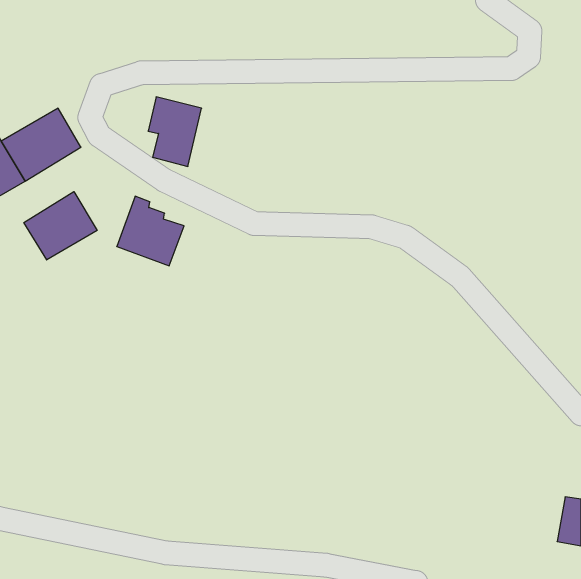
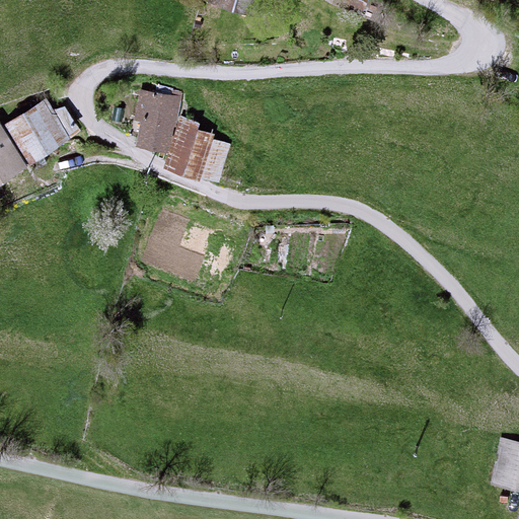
building: [24,192,97,260] -> none
building: [117,196,184,266] -> [167,120,227,181]

